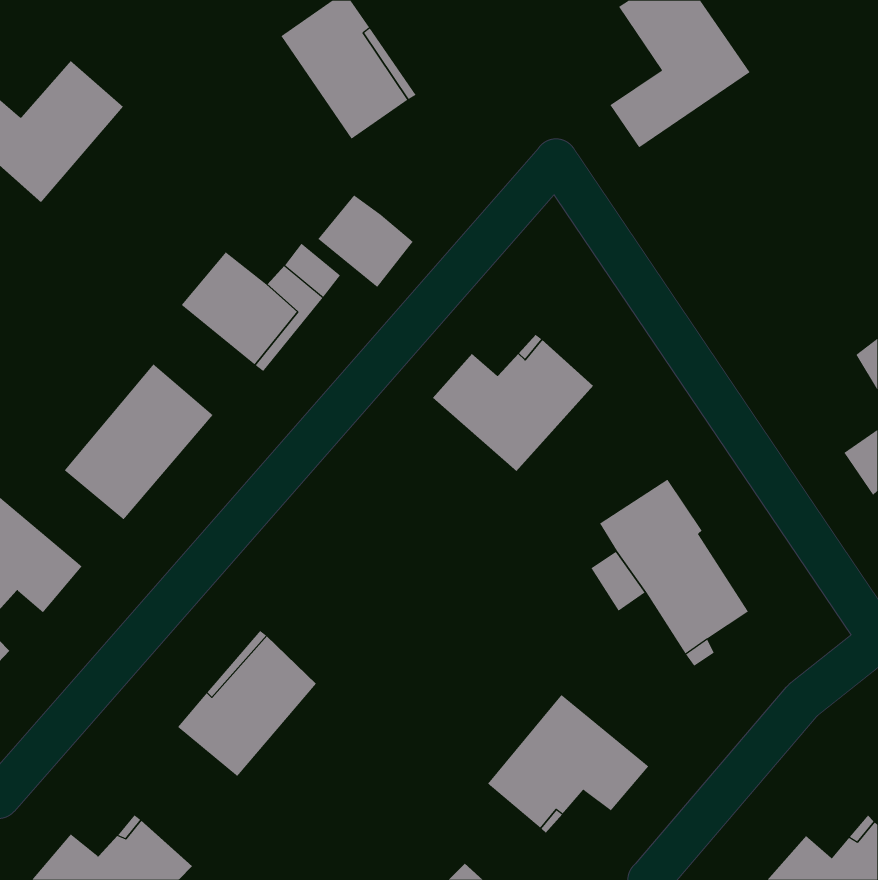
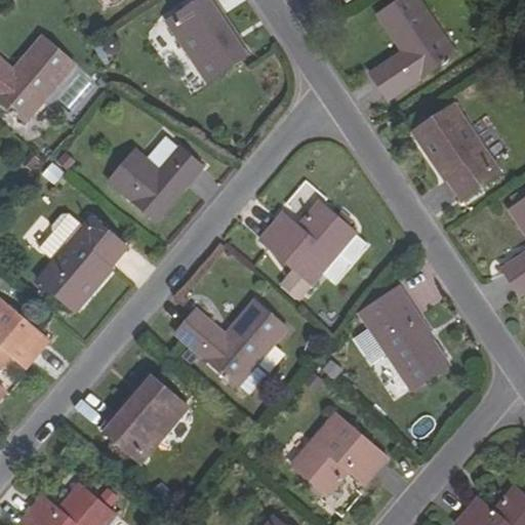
building: none -> [414,105,500,200]
building: [317,194,414,288] -> none
building: none -> [179,304,290,389]

